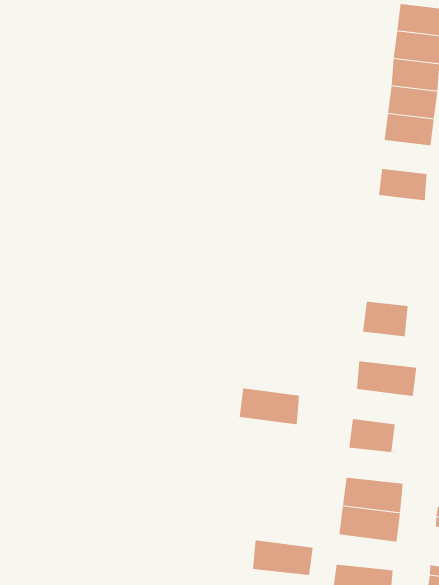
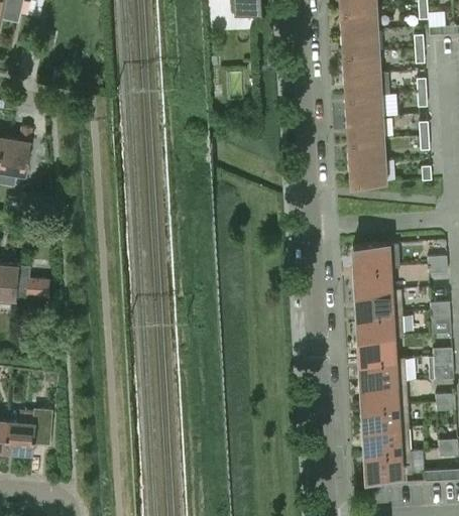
building: none -> [345,117,383,141]
building: none -> [348,160,386,185]
building: none -> [354,268,401,293]
building: [239,388,300,425] -> [357,313,405,339]
building: none -> [359,359,407,385]
building: [252,540,313,575] -> [363,428,411,454]

